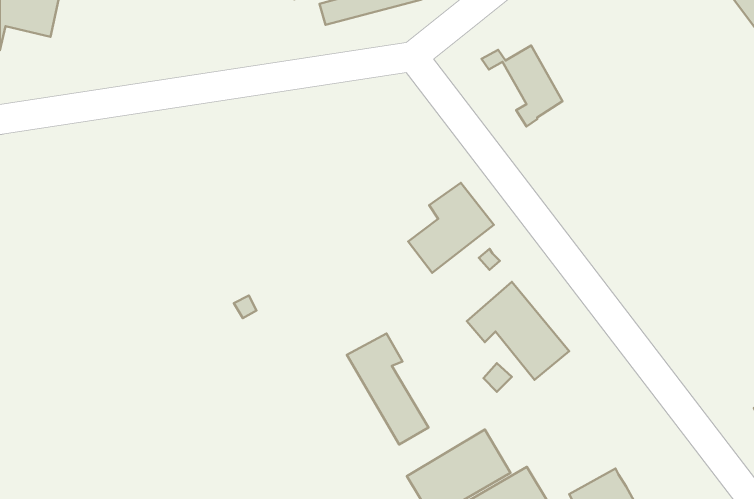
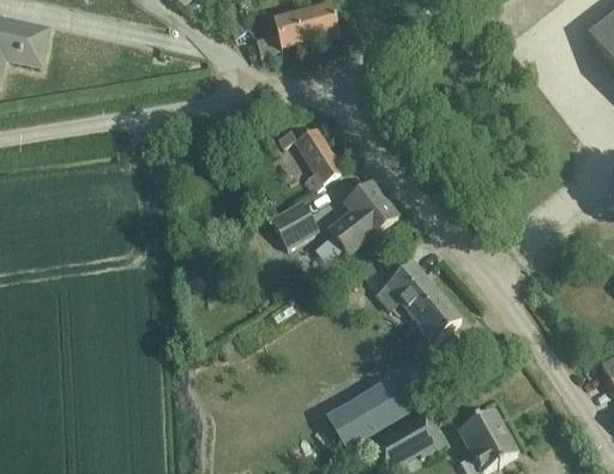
building: [481,45,563,127] -> [279,124,344,188]
building: none -> [271,199,319,246]
building: [347,334,429,445] -> none

